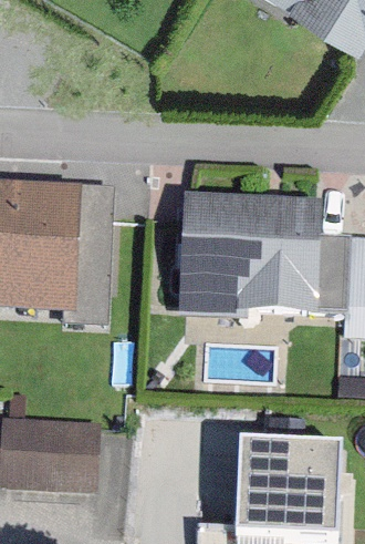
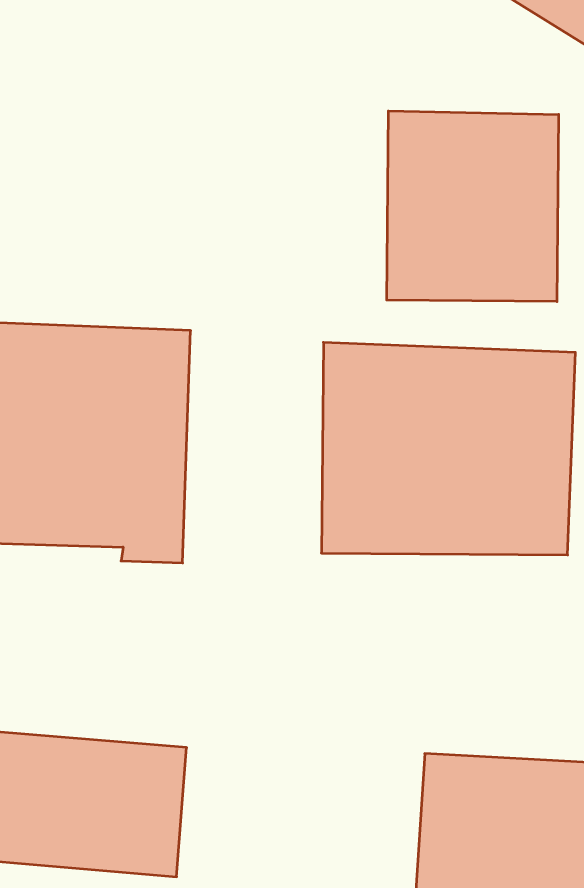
building: none -> [387,111,559,302]

